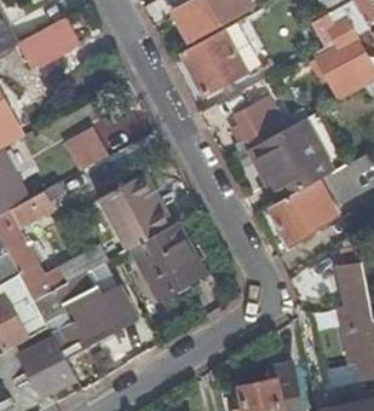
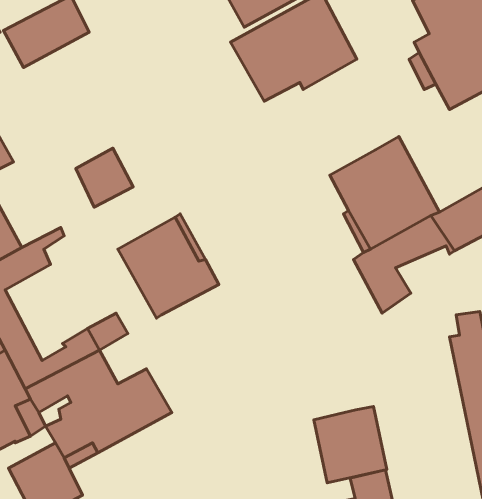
building: [229,100,283,147] -> none
building: [130,224,203,301] -> none
building: none -> [314,406,387,483]

